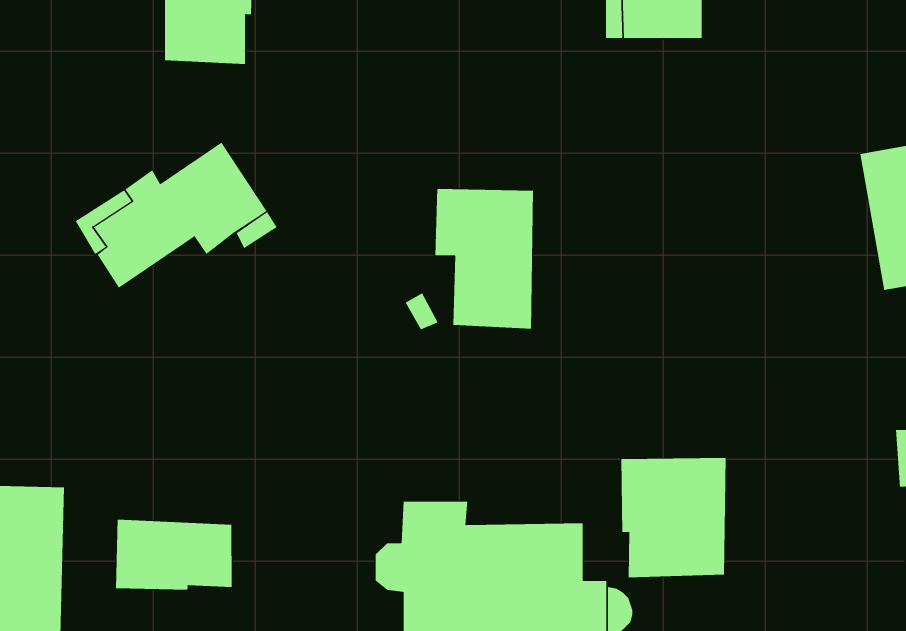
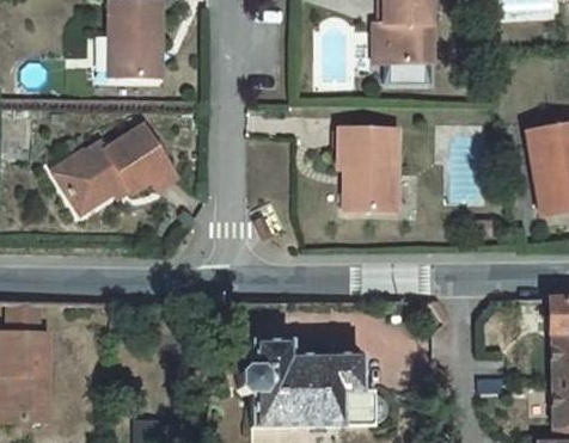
building: [435,188,534,329] -> [337,127,397,211]
building: [621,457,726,578] -> none
building: [115,519,232,591] -> none

